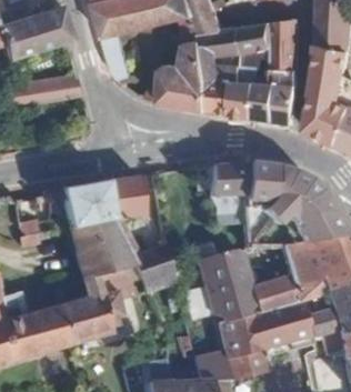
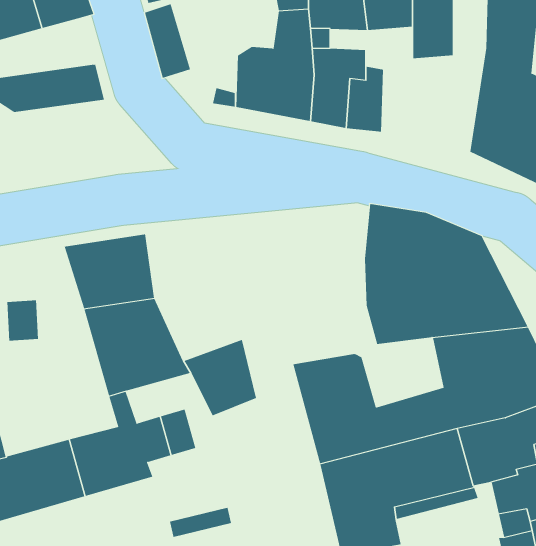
building: [253,77,298,121] -> none
building: [209,160,245,197] -> none
building: [107,174,142,219] -> none

